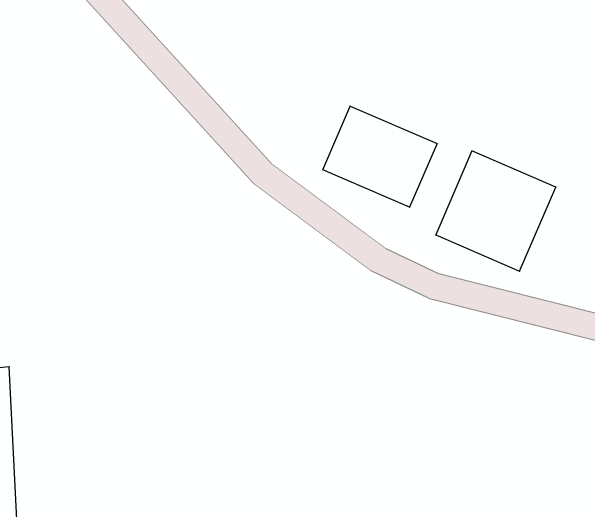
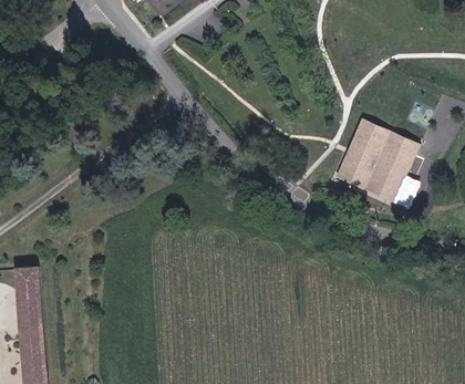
building: [323,106,437,207] -> none

